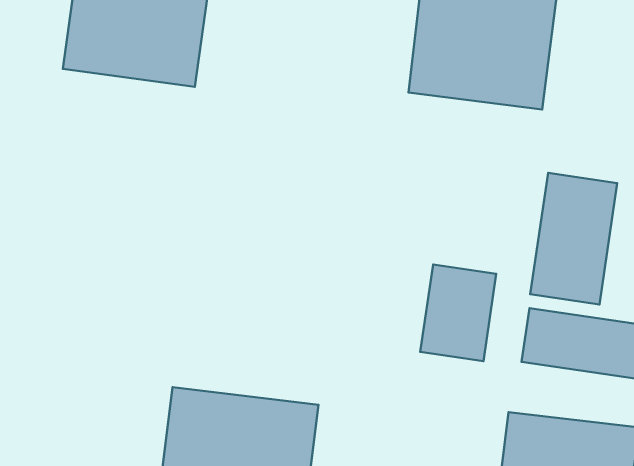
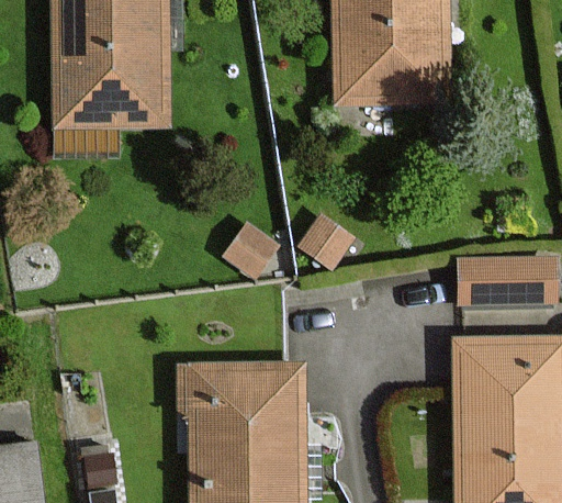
building: [530,173,617,304] -> none
building: [420,265,496,361] -> none

